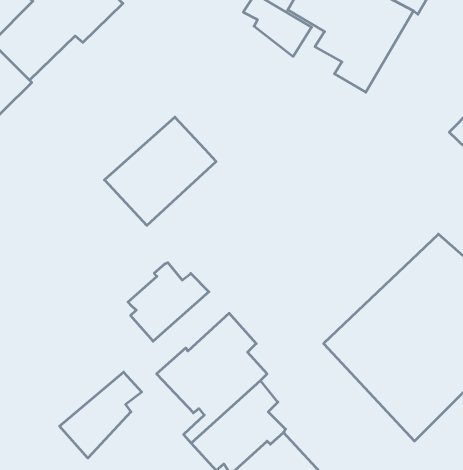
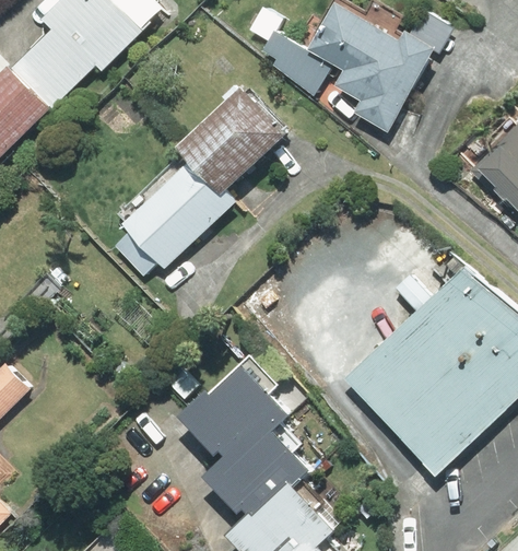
building: none -> [179,83,283,187]
building: [128,263,209,341] -> none
building: [60,372,142,458] -> none

